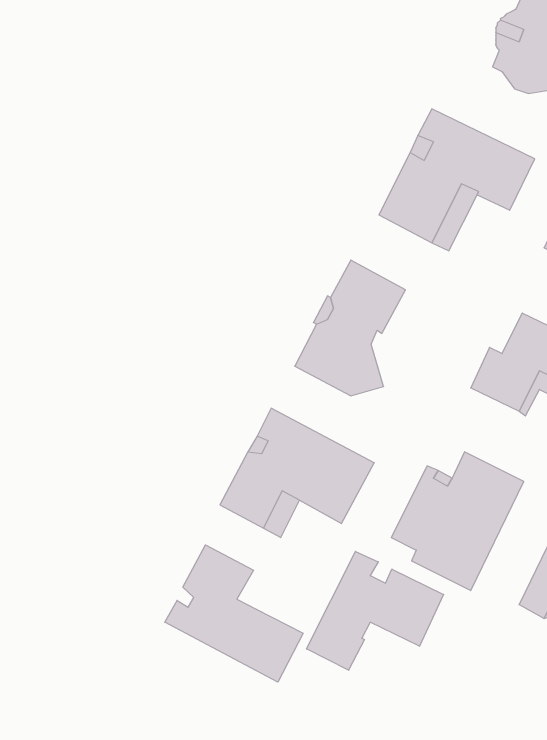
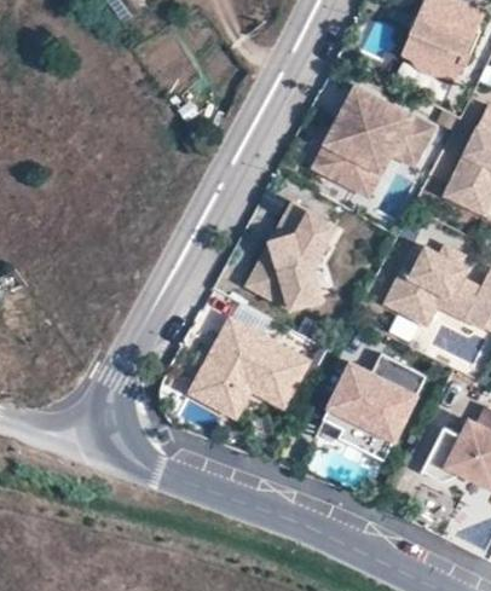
building: [165,545,303,682] -> none
building: [306,551,444,670] -> none

